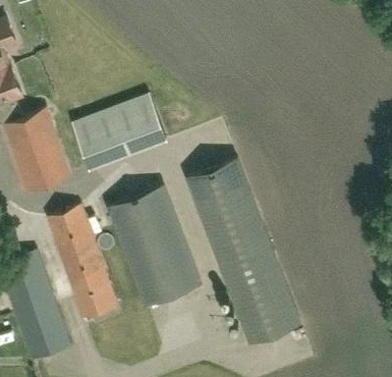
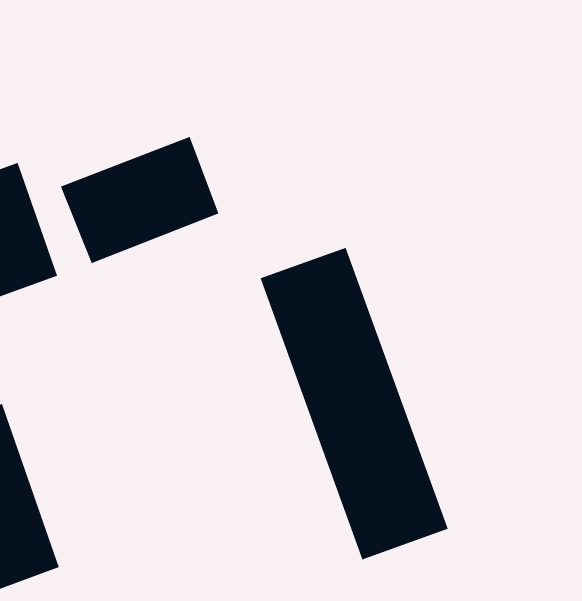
building: [108,185,200,304] -> none
building: [54,206,121,321] -> none

